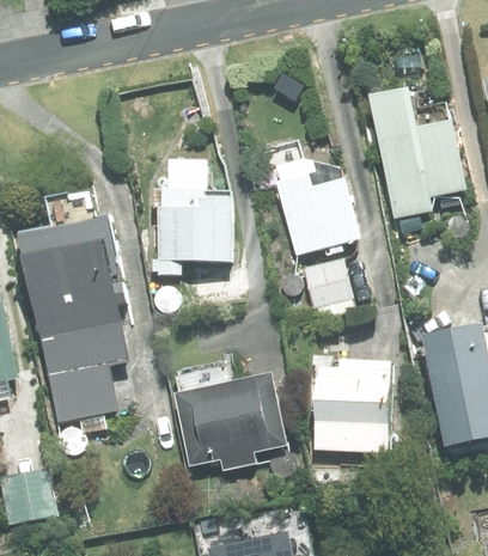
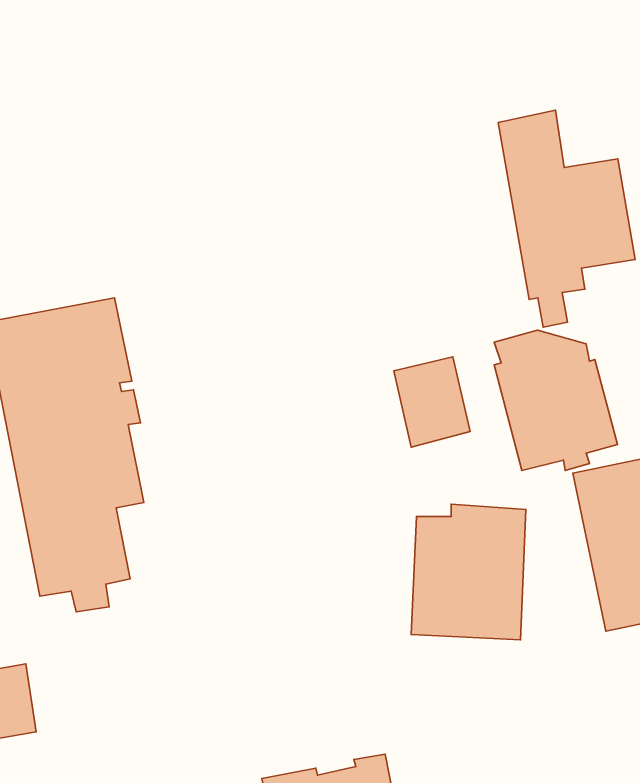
building: [275,158,360,255] -> [494,330,617,471]
building: [152,159,232,274] -> none
building: [175,373,287,470] -> none

